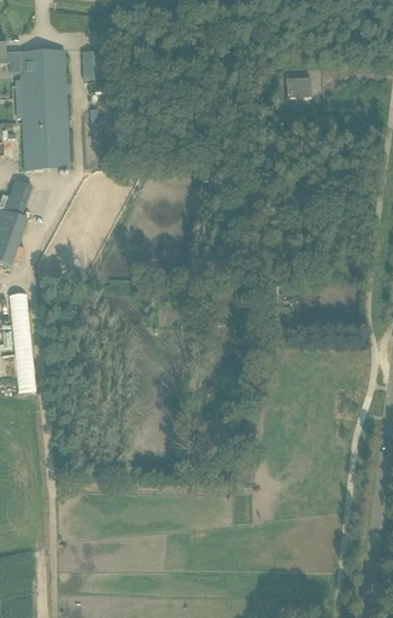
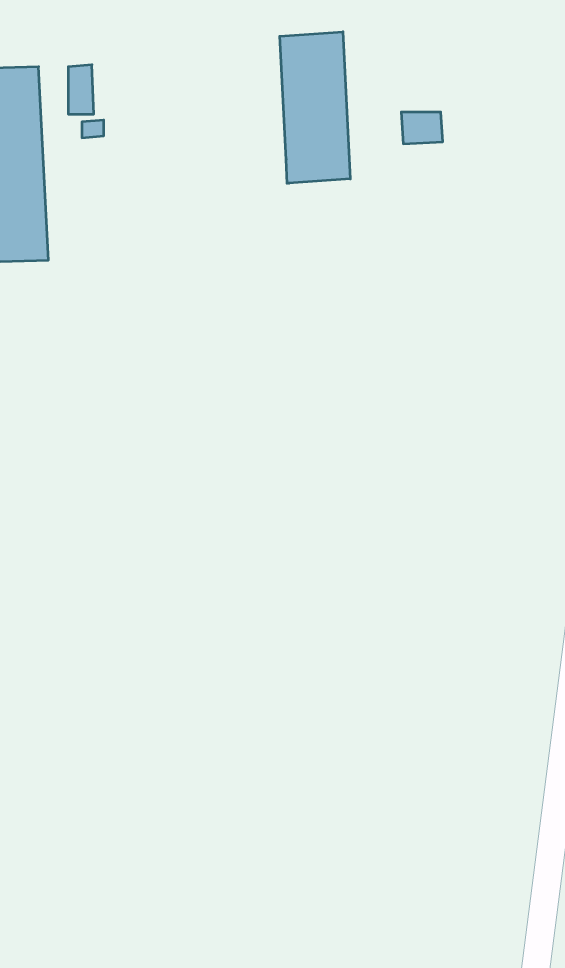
building: none -> [280,32,350,183]

